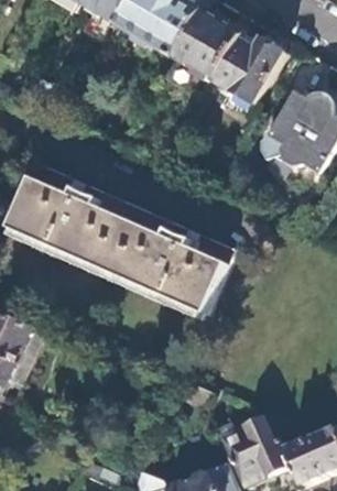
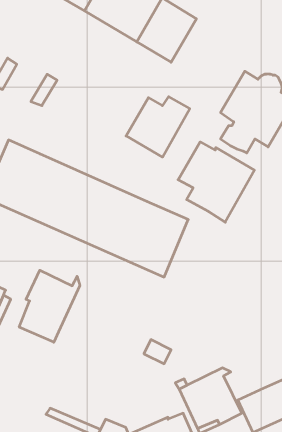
building: [211,37,281,103] -> [126,97,190,157]
building: none -> [178,142,254,222]
building: none -> [19,270,80,342]

